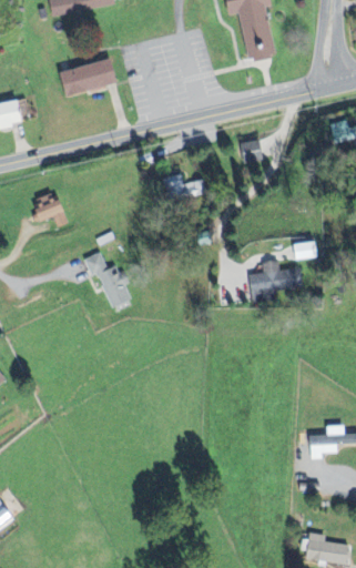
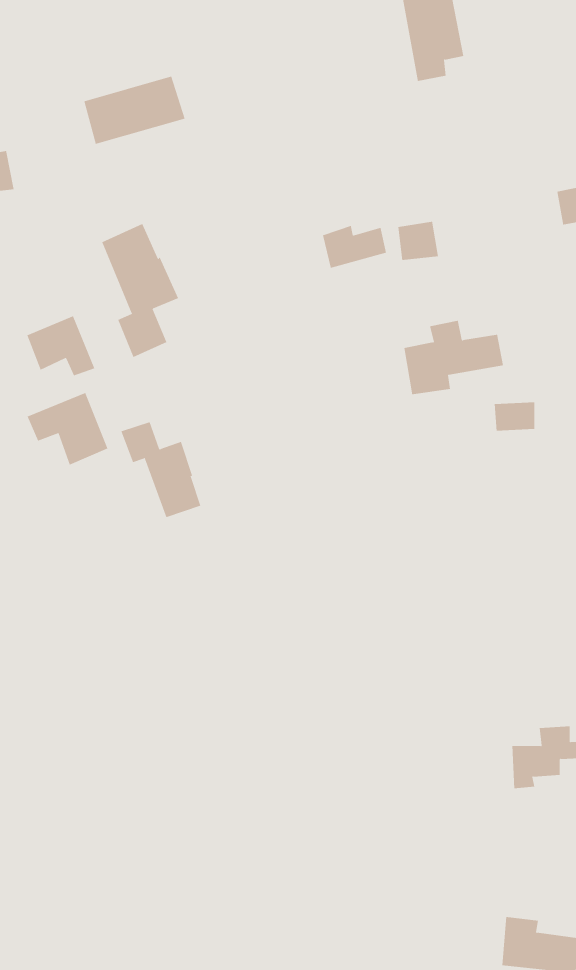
building: none -> [101,223,179,358]
building: [163,178,200,202] -> [322,225,387,269]
building: none -> [27,392,108,466]
building: [246,258,303,301] -> [404,320,504,395]

